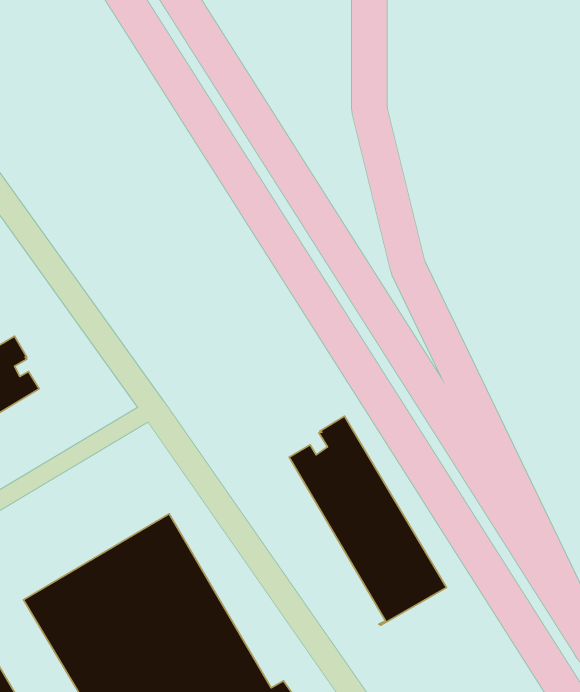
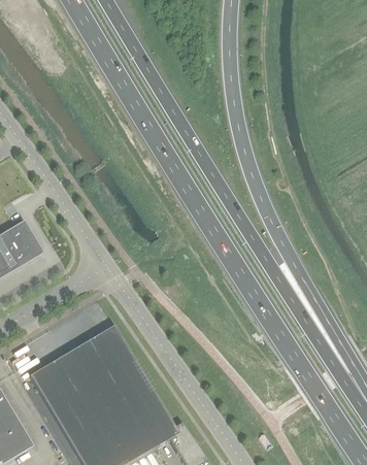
building: [289,416,446,625] -> none

